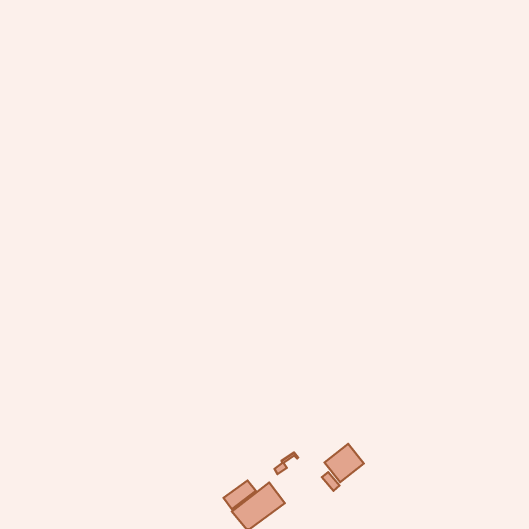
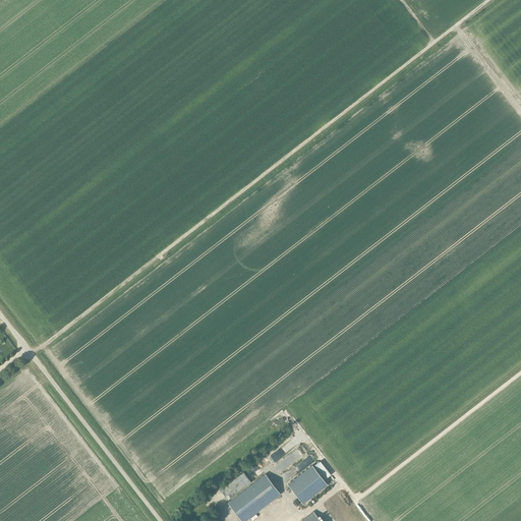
building: [324,444,364,482] -> [288,466,327,504]

